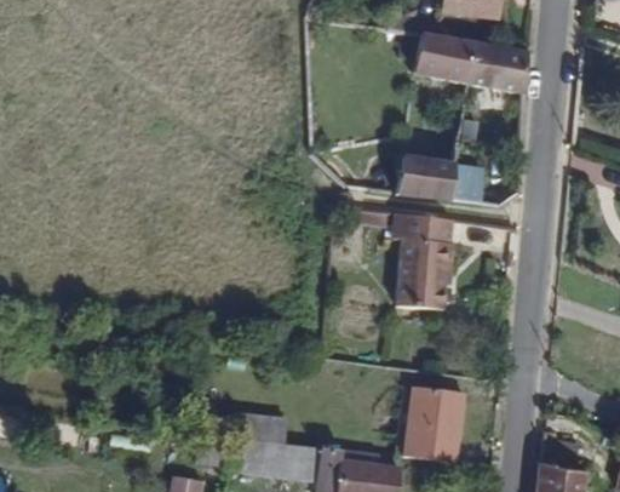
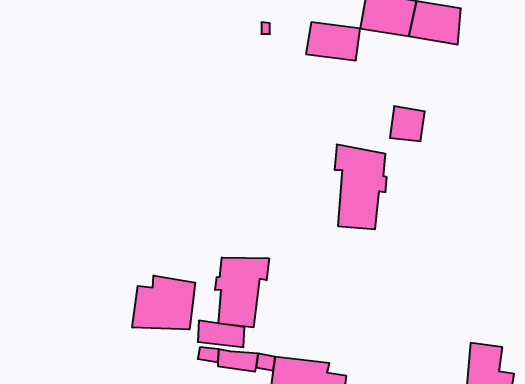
building: [395,158,457,201] -> [306,22,360,60]
building: none -> [215,257,269,327]
building: none -> [132,275,195,330]
building: [401,381,463,459] -> none

